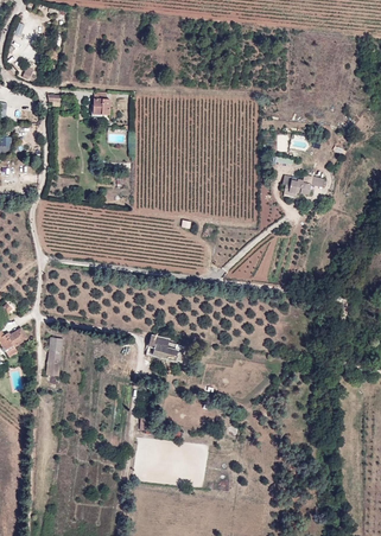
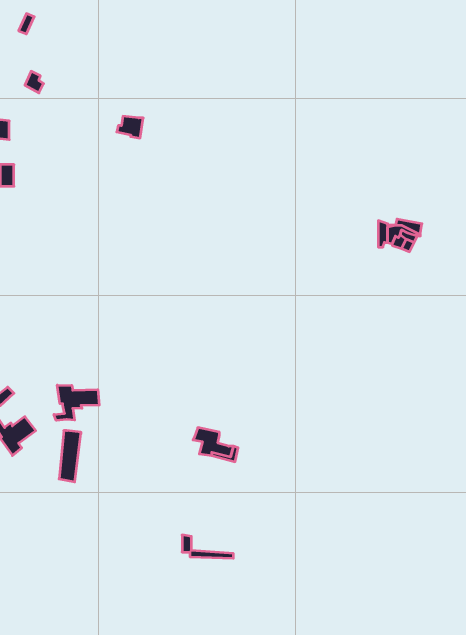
building: none -> [54,385,99,420]

